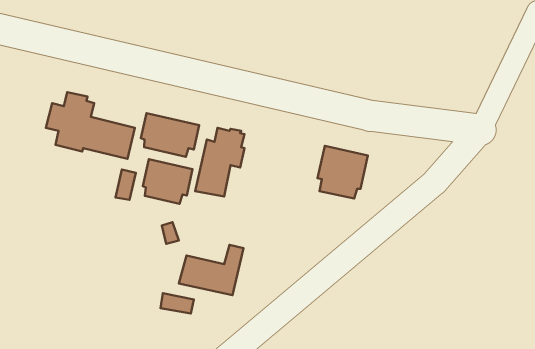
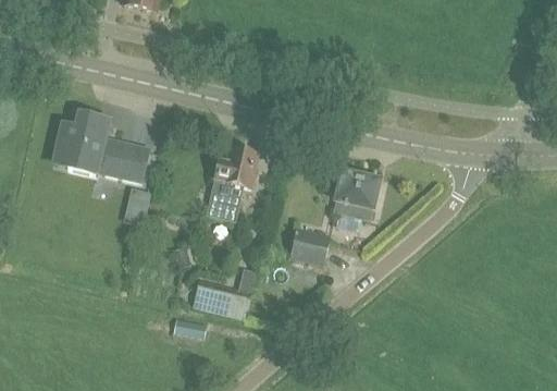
building: [141,113,199,157] -> none
building: [143,159,193,204] -> none
building: none -> [289,229,330,265]

